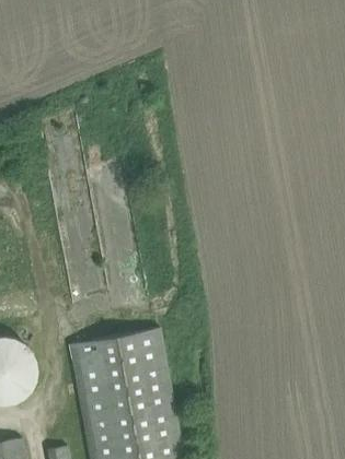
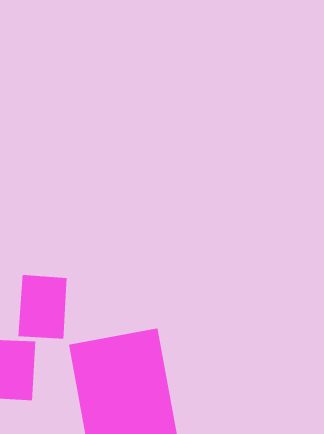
building: none -> [18,274,67,339]

